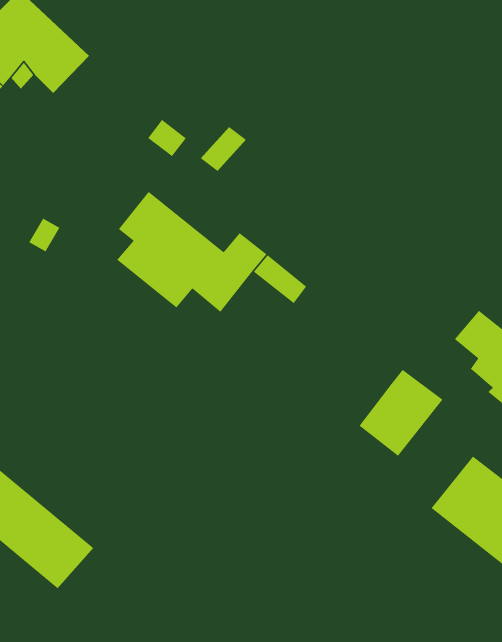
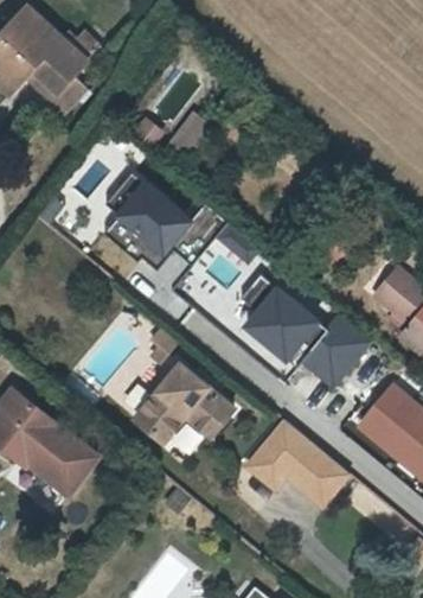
building: none -> [243,274,328,368]
building: none -> [133,373,229,446]
building: none -> [246,421,348,507]

